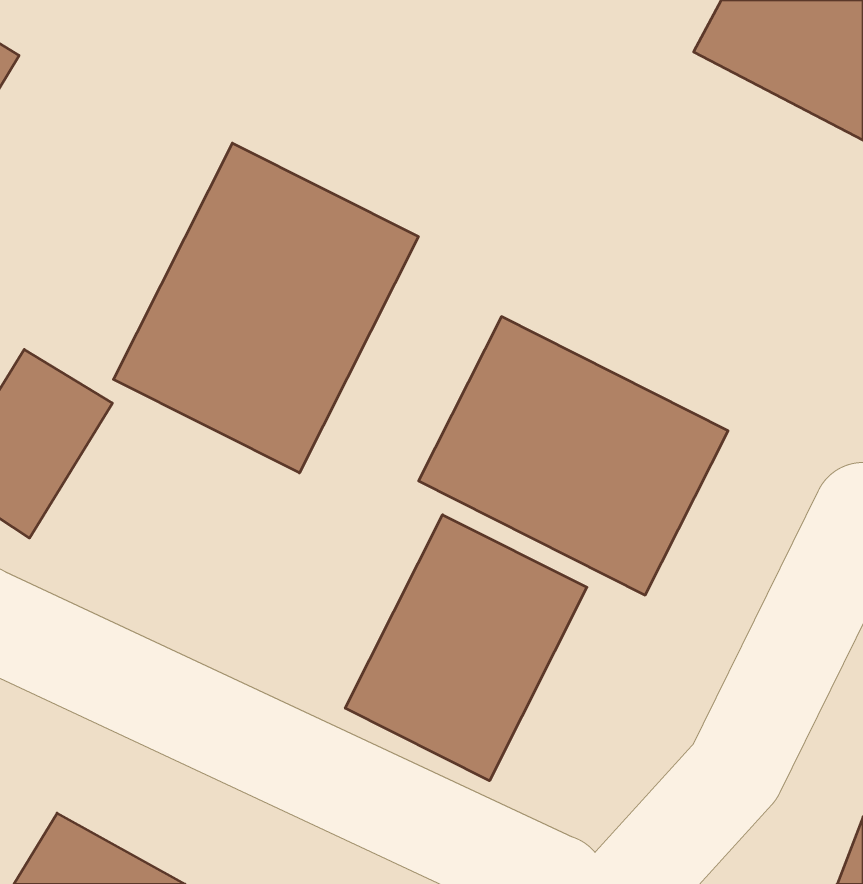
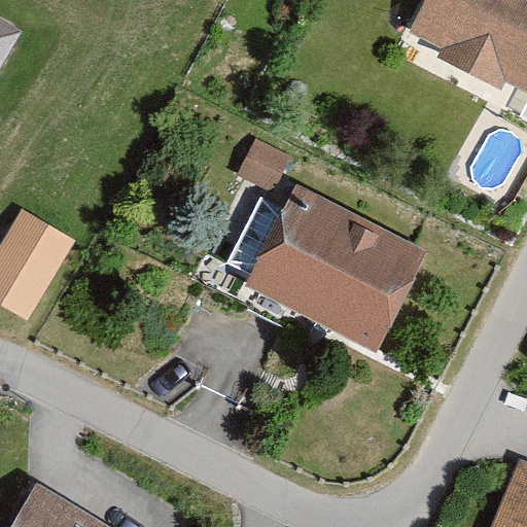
building: [113,143,418,473] -> none
building: [345,515,587,781] -> none

